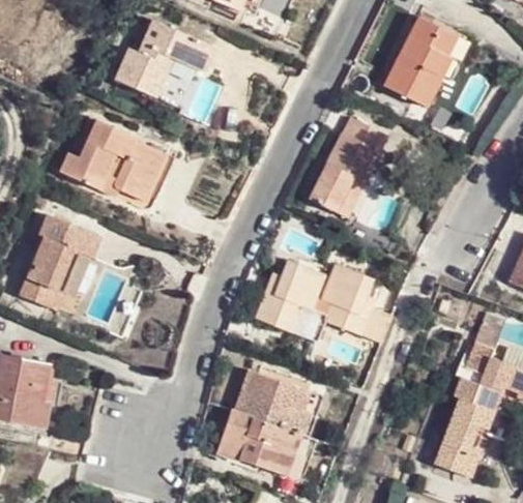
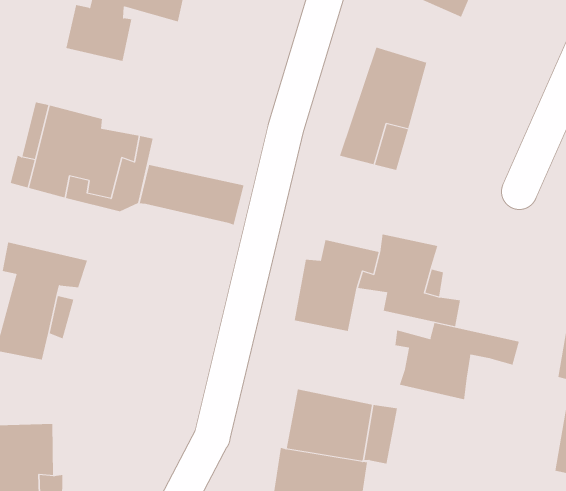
building: none -> [139,164,244,225]
building: [295,299,329,339] -> none
building: none -> [395,322,519,400]

